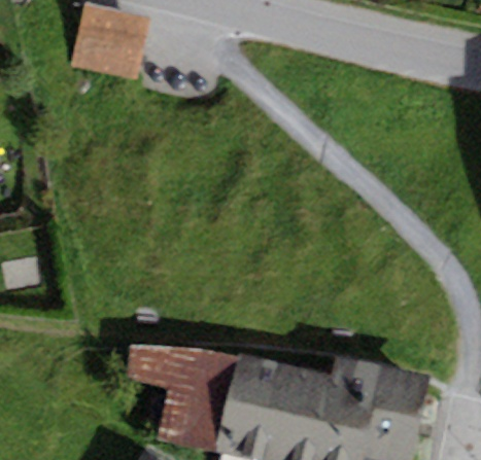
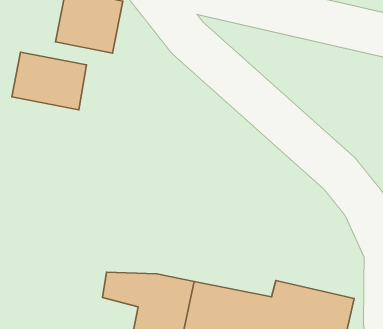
building: none -> [12,52,87,110]

